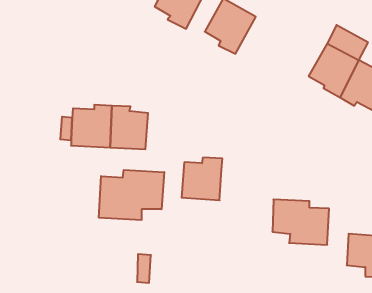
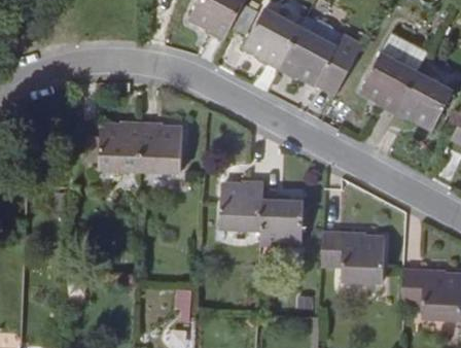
building: none -> [280,26,362,92]
building: none -> [261,196,304,243]
building: [99,170,164,220] -> none

